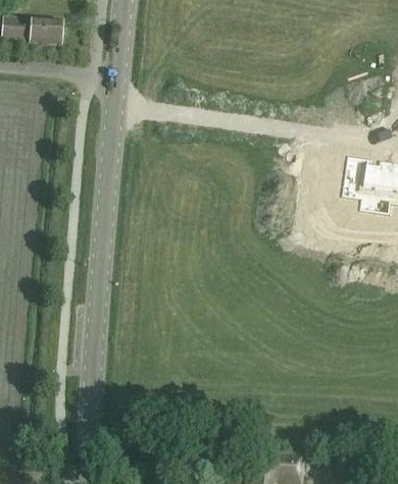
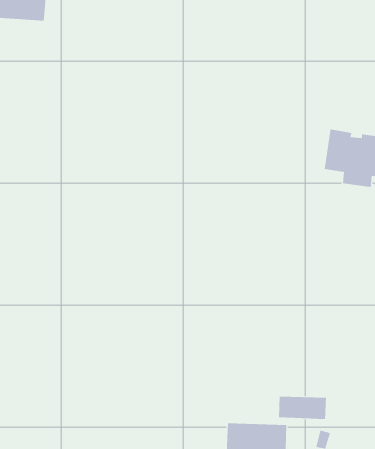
building: none -> [278,396,326,420]

